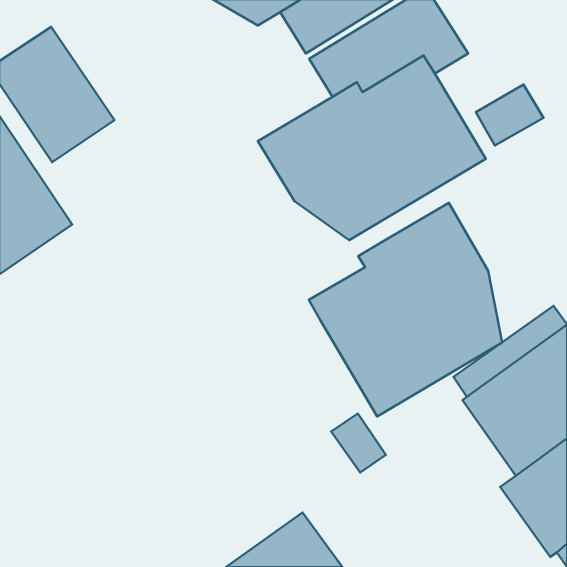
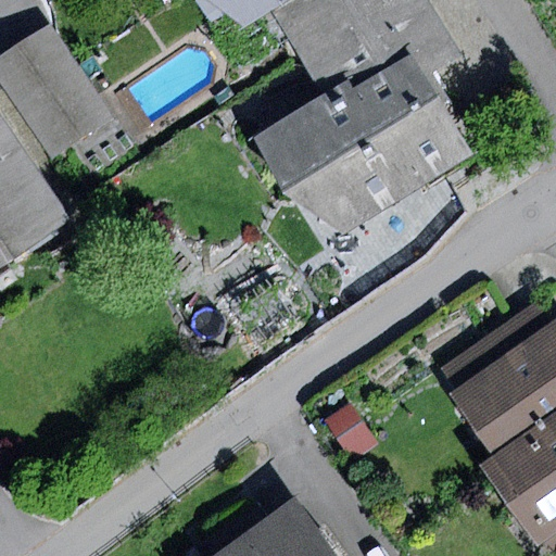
building: [309,203,502,416] -> none

